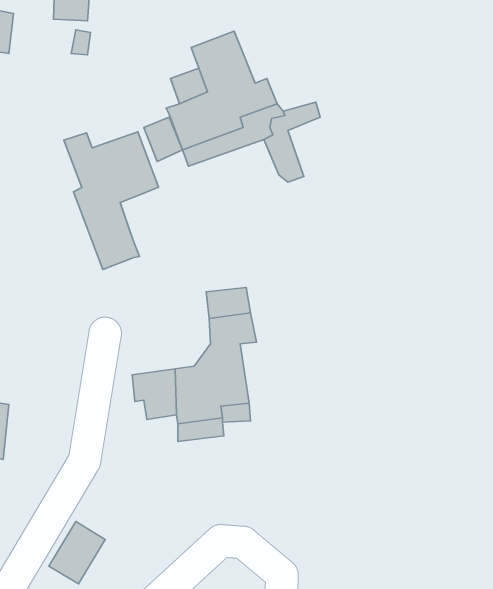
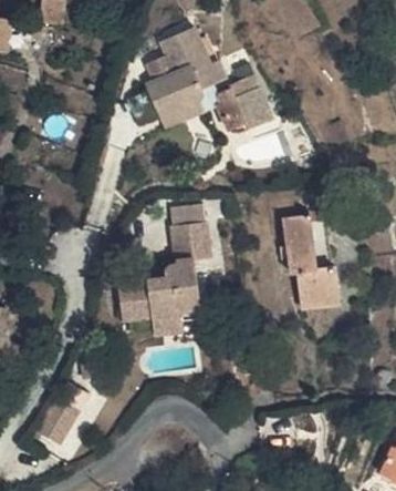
building: none -> [223,89,261,133]
building: [64,132,158,270] -> none
building: none -> [279,222,333,313]

